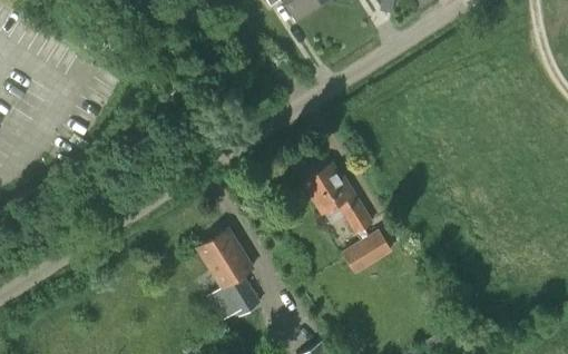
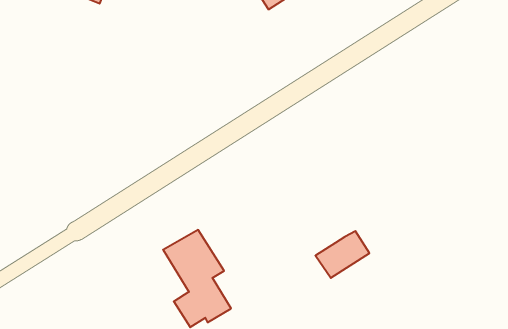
building: [304,164,373,240] -> none

